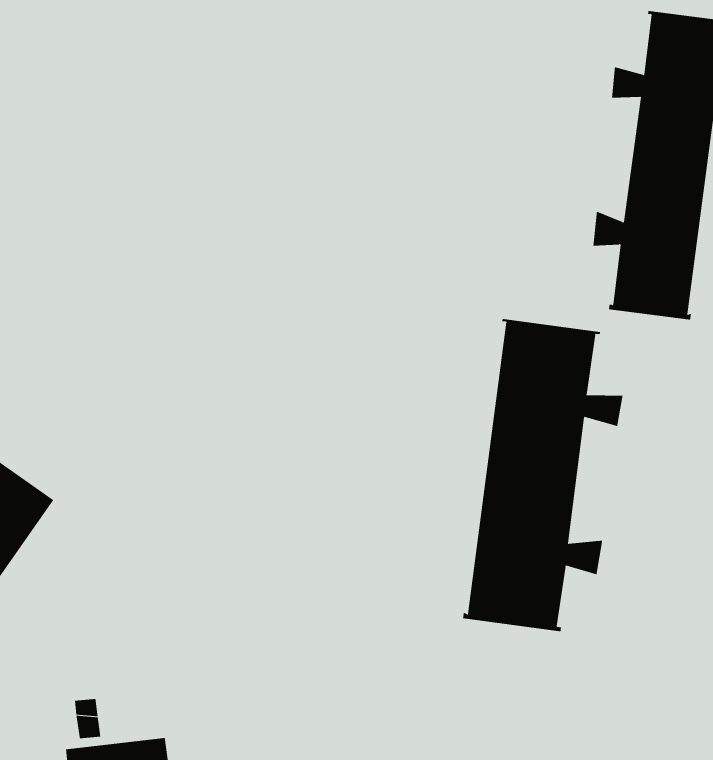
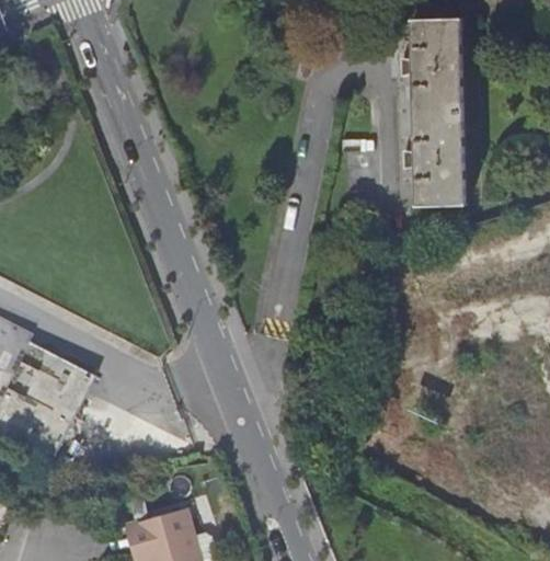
building: [463,318,623,632] -> none

